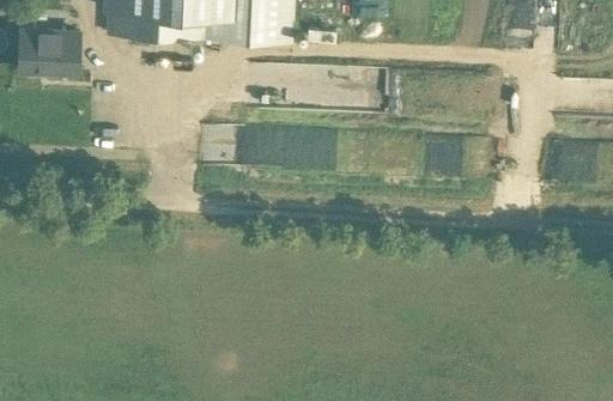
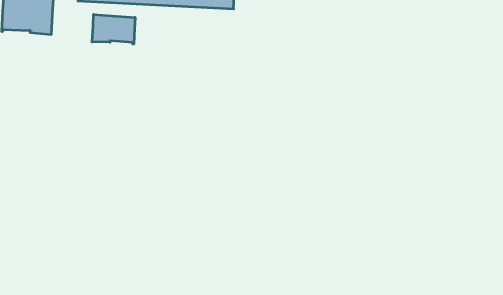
building: none -> [92,14,135,44]

